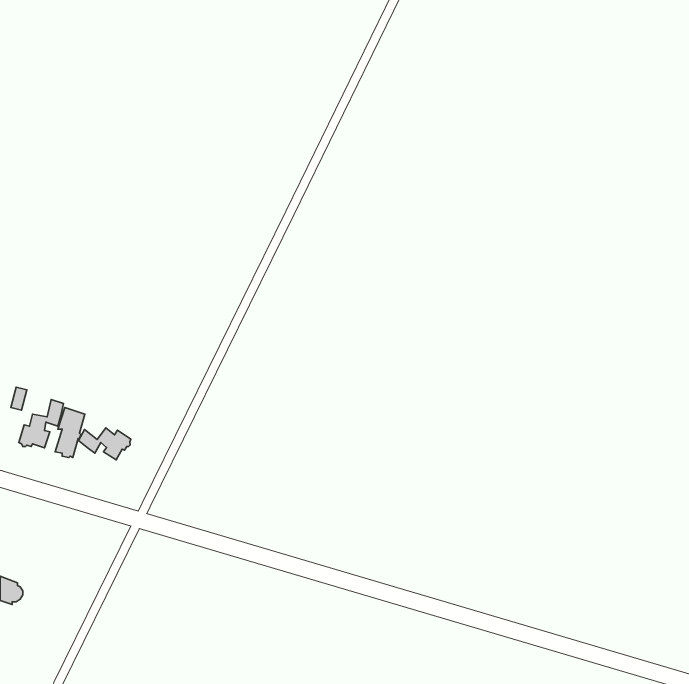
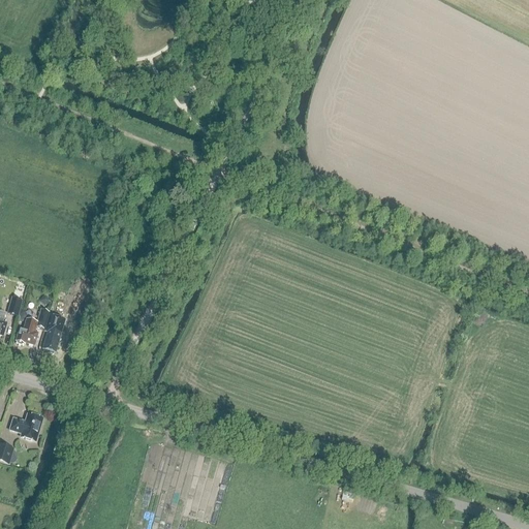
building: [78,428,131,460] -> none
building: none -> [9,412,42,439]

